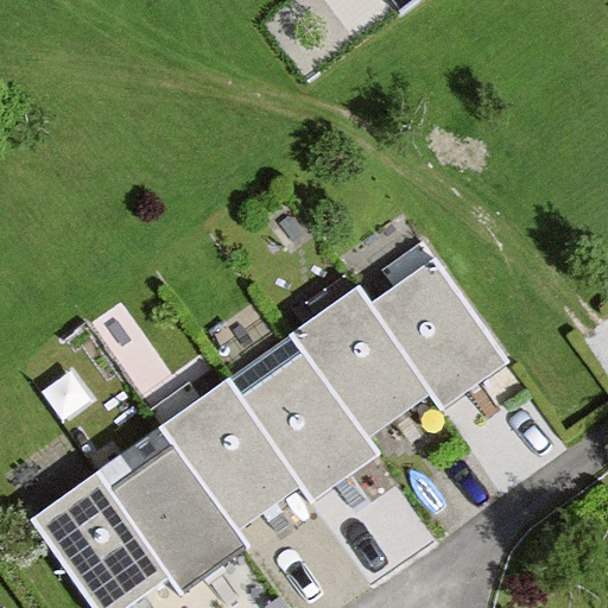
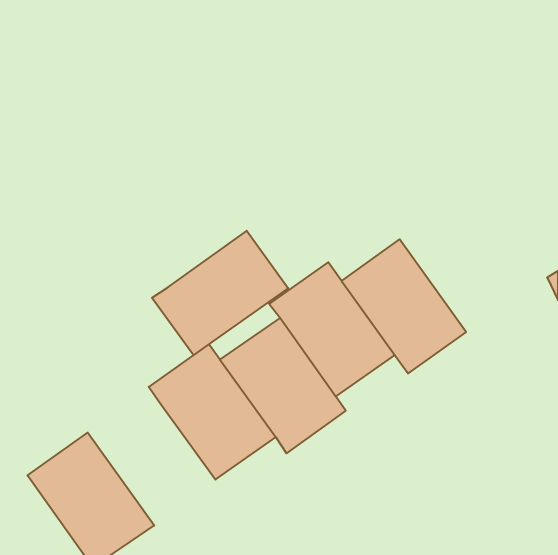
building: none -> [152,231,288,355]
building: [107,443,246,591] -> none

